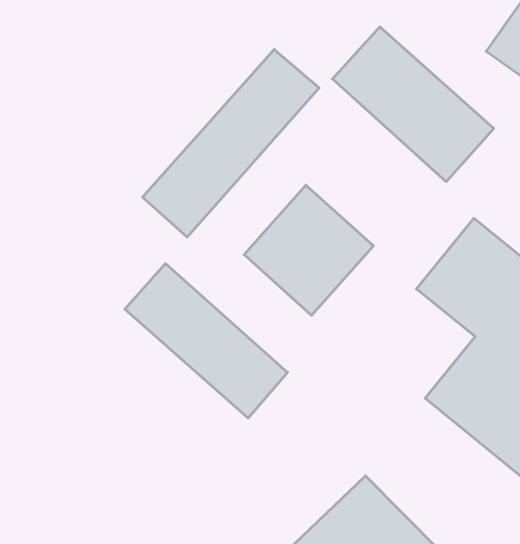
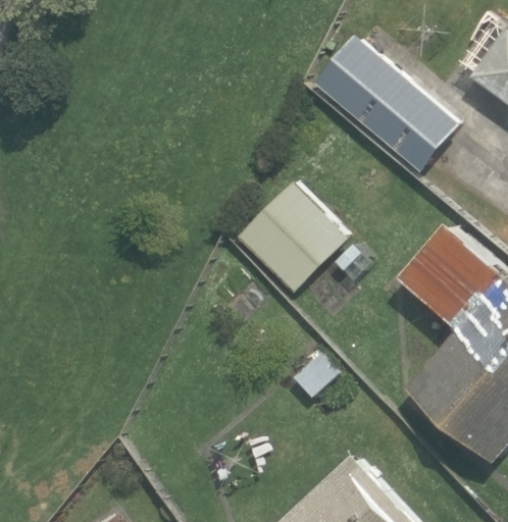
building: [143,49,319,237] -> none
building: [125,264,288,418] -> none

